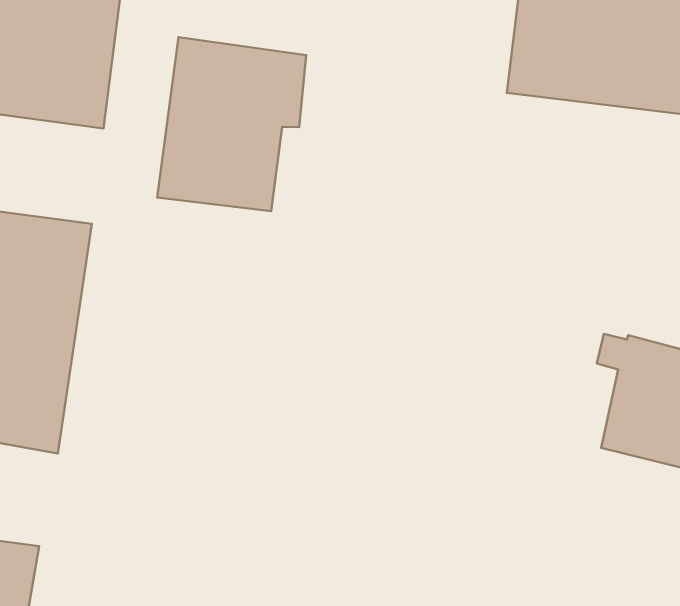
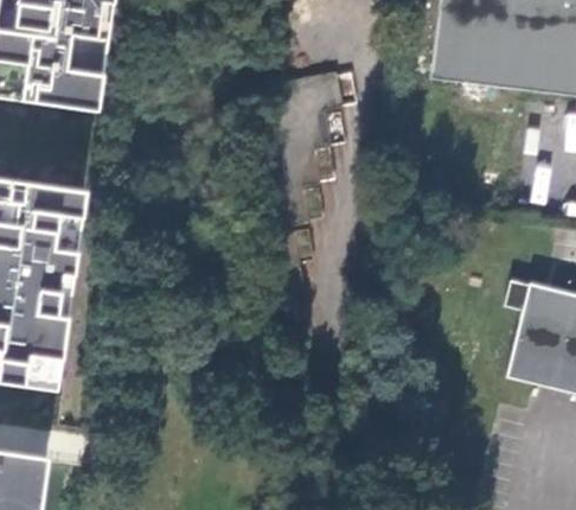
building: [157,37,306,211] -> none

